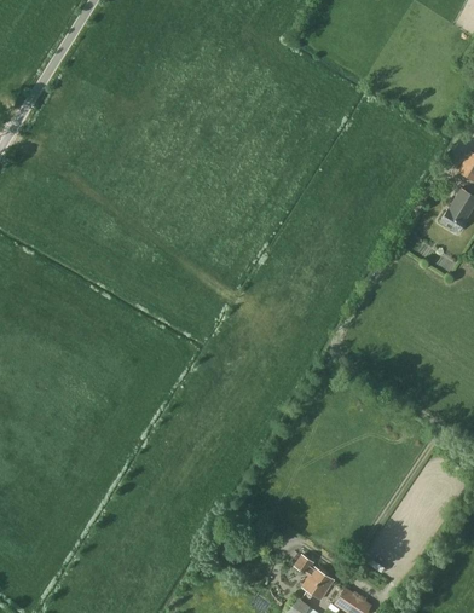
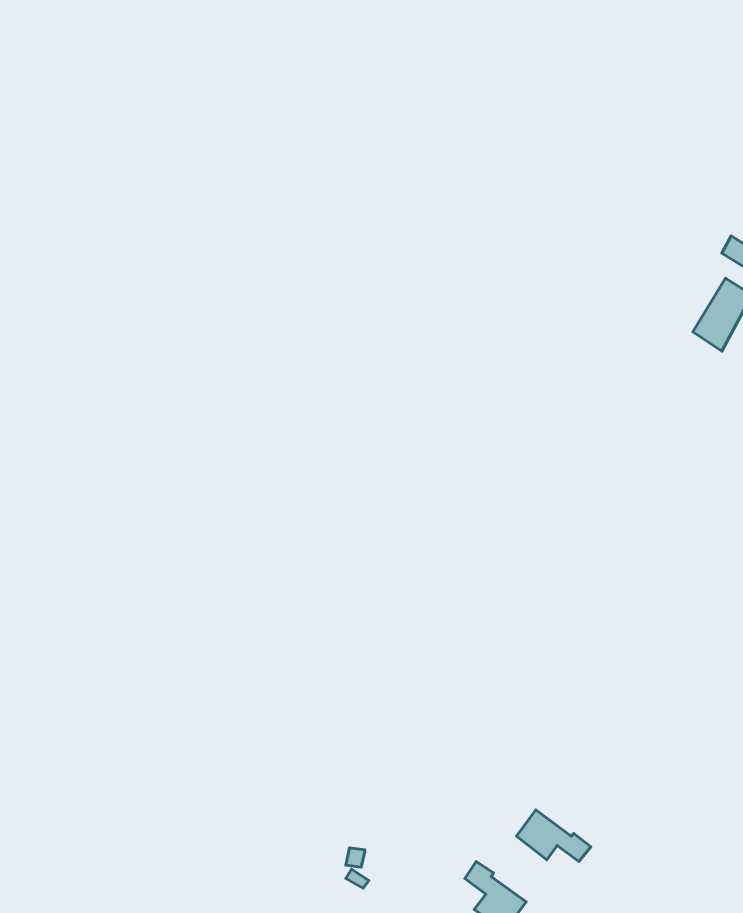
building: none -> [516,810,591,862]

